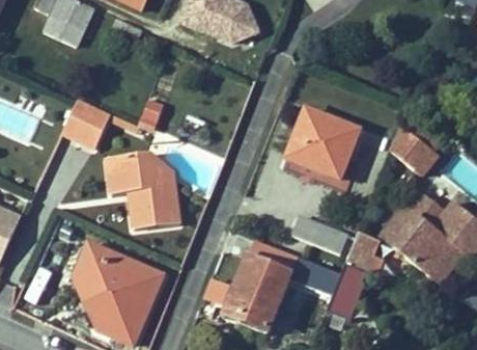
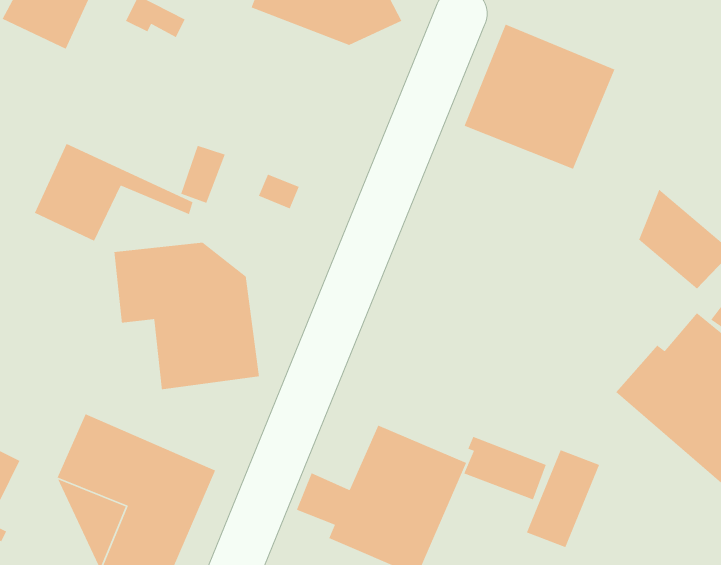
building: [281,103,364,183] -> [463,23,615,170]
building: [289,212,349,254] -> none
building: [344,232,385,275] -> none

